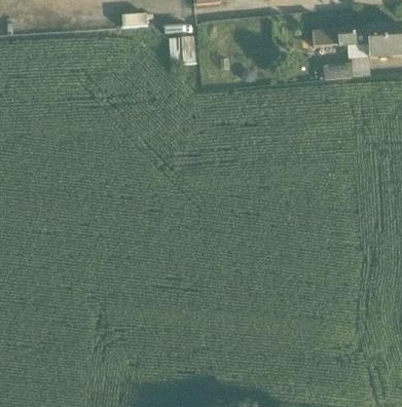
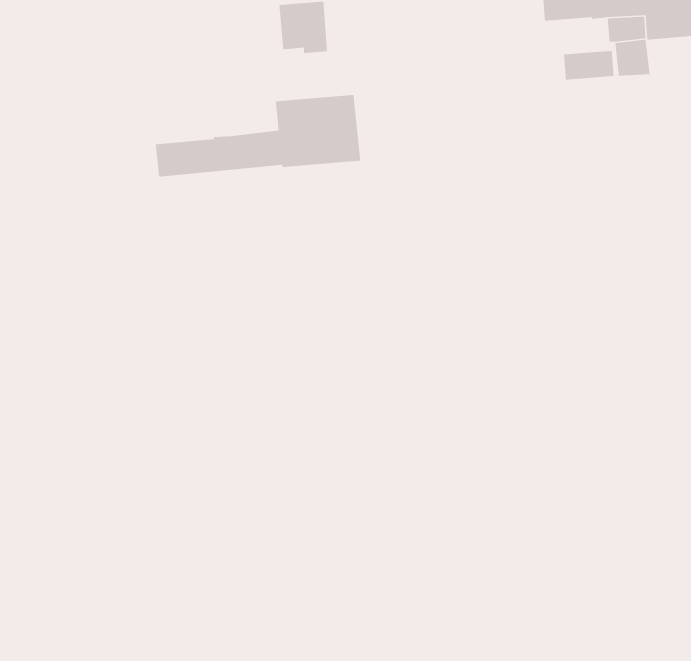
building: none -> [155,94,361,177]

